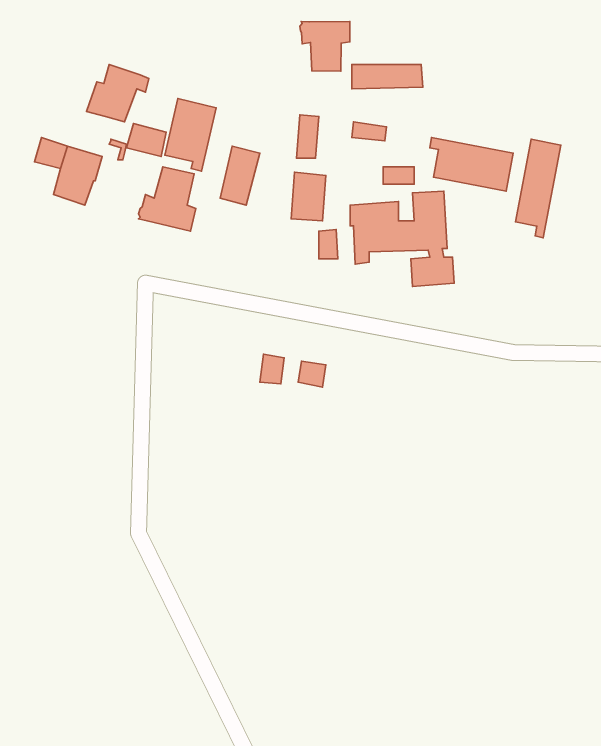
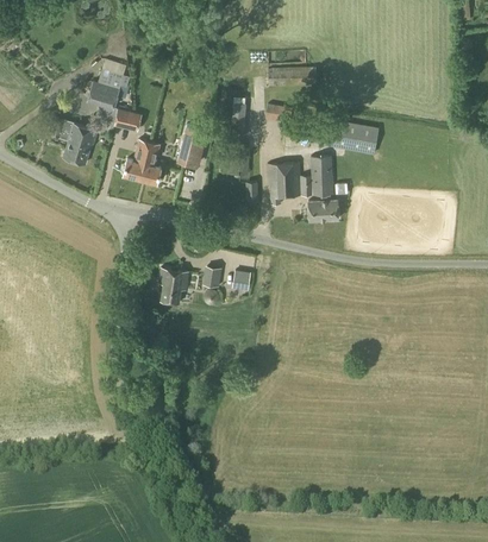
building: [300,22,350,71] -> none
building: [165,99,216,171] -> none
building: [515,139,561,238] -> none
building: none -> [158,269,188,304]

